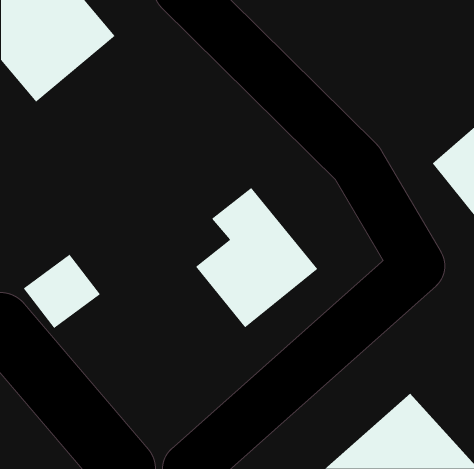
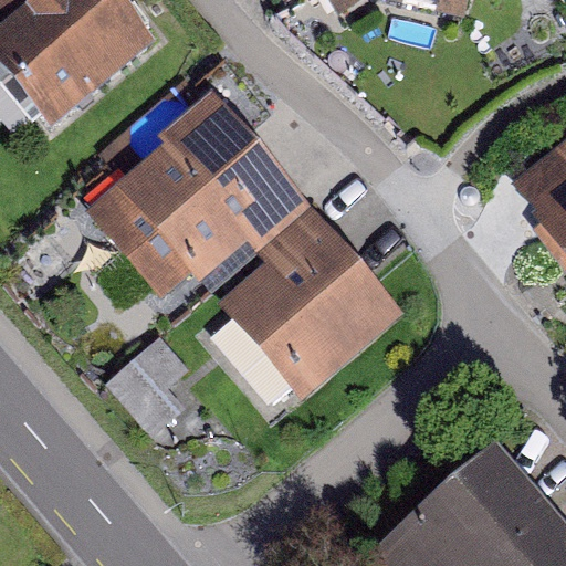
building: none -> [112,125,275,298]
building: [23,254,101,329] -> [119,329,211,418]

